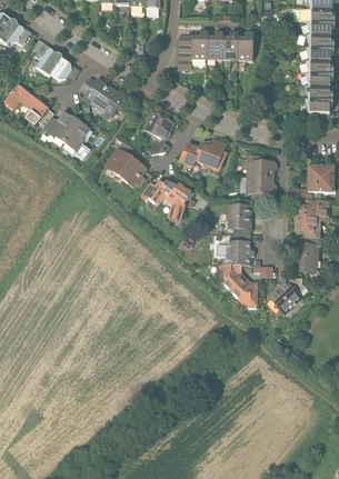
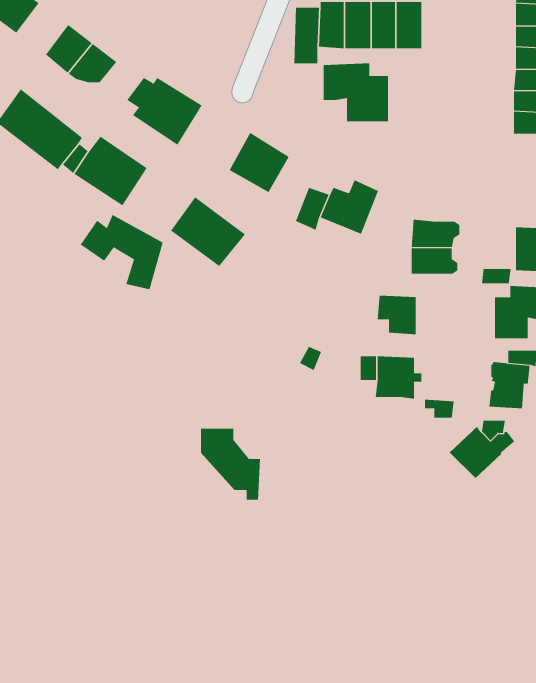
building: none -> [323,62,388,122]
building: [140,174,189,219] -> [80,214,163,290]
building: [221,263,257,306] -> [200,428,261,500]

